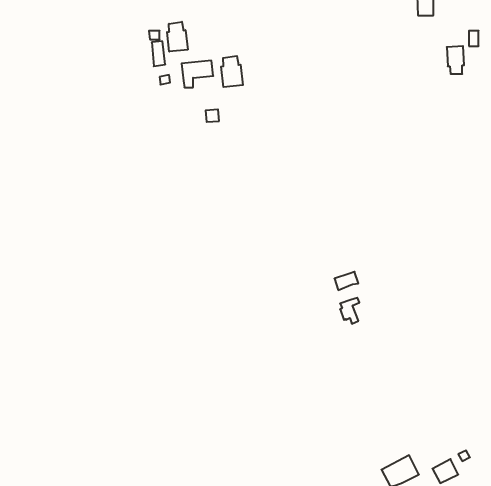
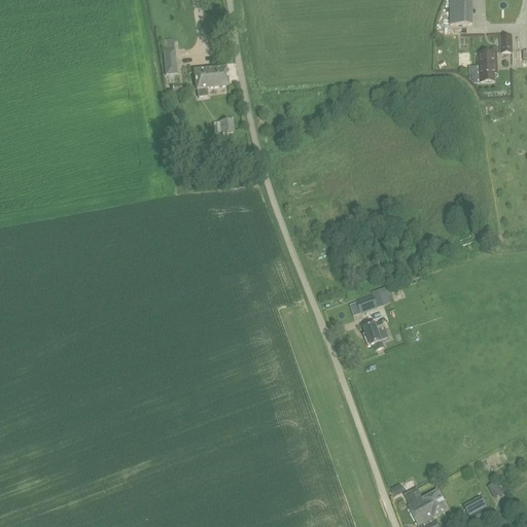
building: [167,22,188,52] -> none
building: [221,56,243,87] -> none

